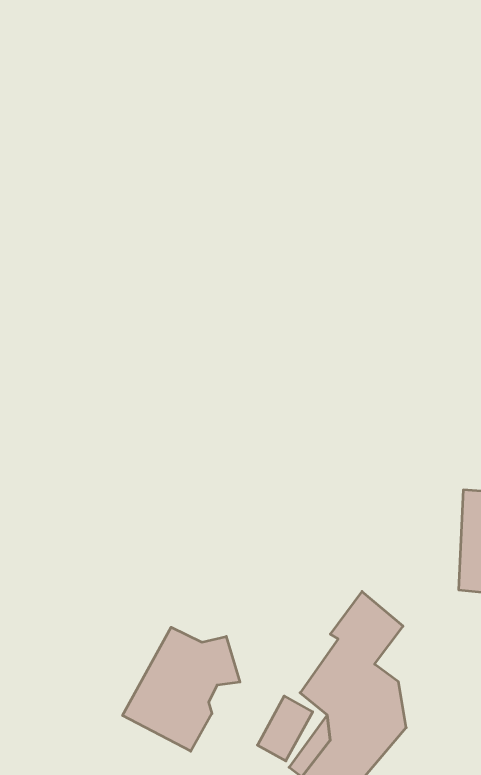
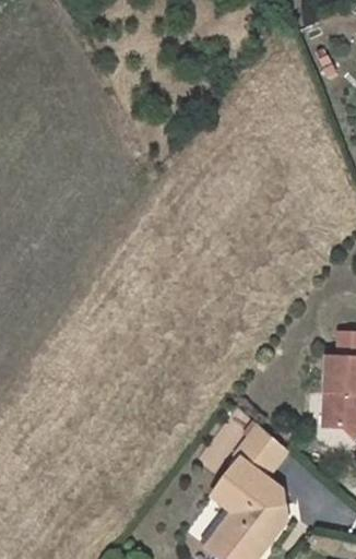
building: [123,627,240,751] -> none

